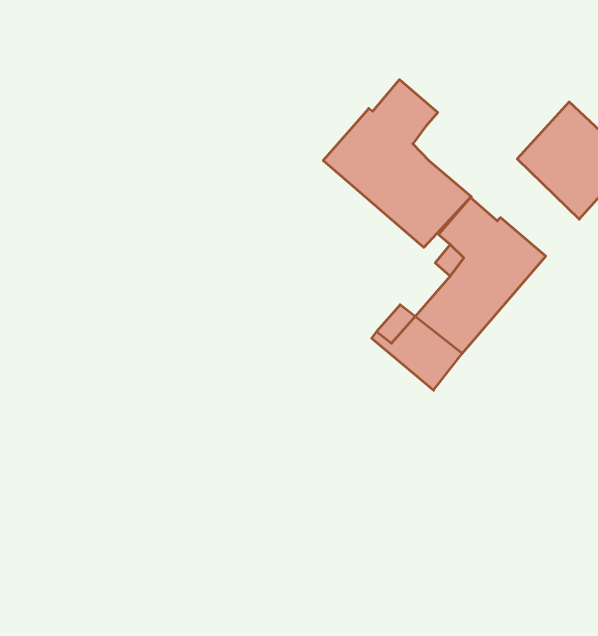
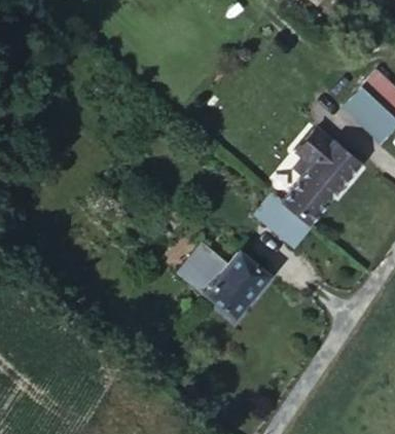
building: [323,80,471,247] -> none
building: none -> [178,248,267,317]

